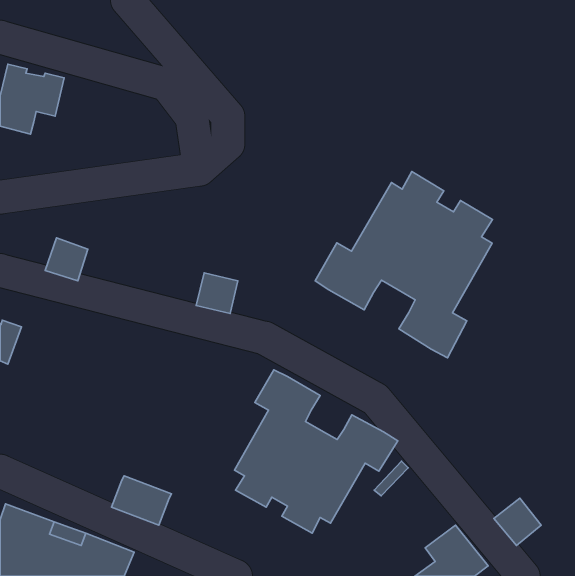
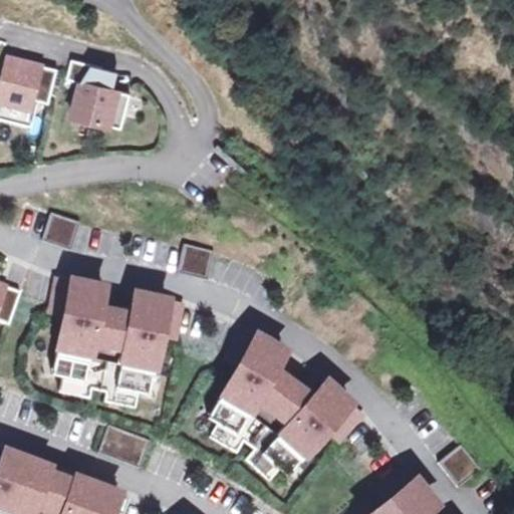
building: none -> [68,60,131,127]
building: [315,172,493,358] -> none
building: none -> [51,280,183,409]

